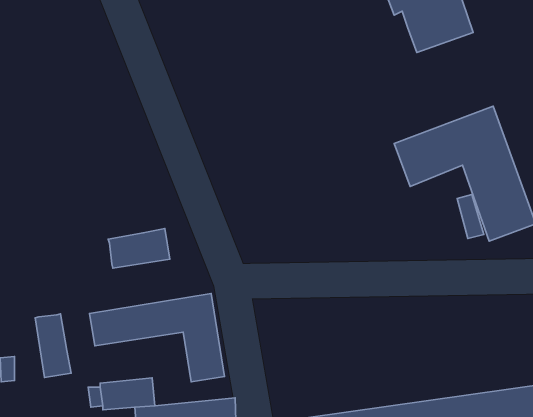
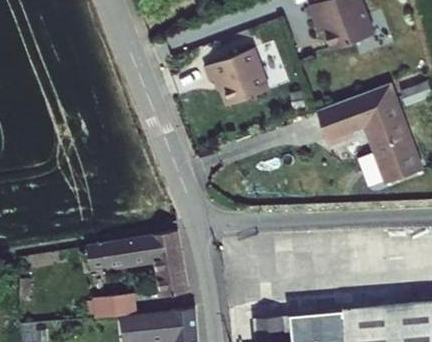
building: none -> [203,56,269,115]
building: [108,229,170,268] -> none
building: [35,314,71,377] -> none

